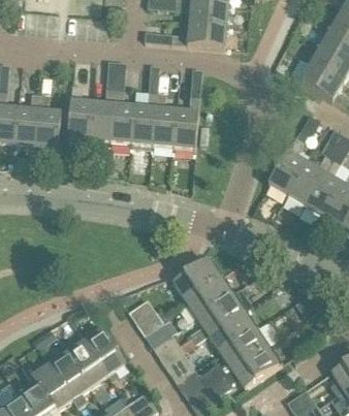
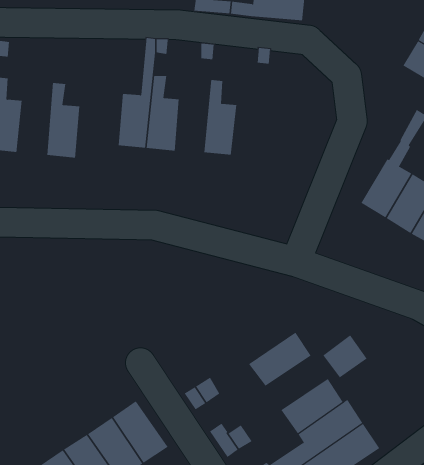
building: [67,84,92,139] -> none
building: [131,90,157,145] -> none
building: [14,92,40,147] -> none
building: [172,94,200,149] -> none
building: [172,258,220,300] -> none
building: [193,292,246,341] -> none

